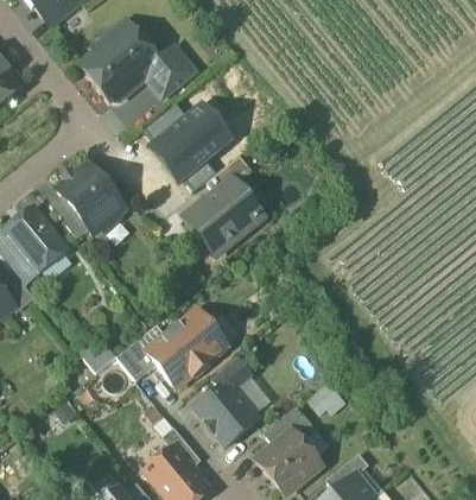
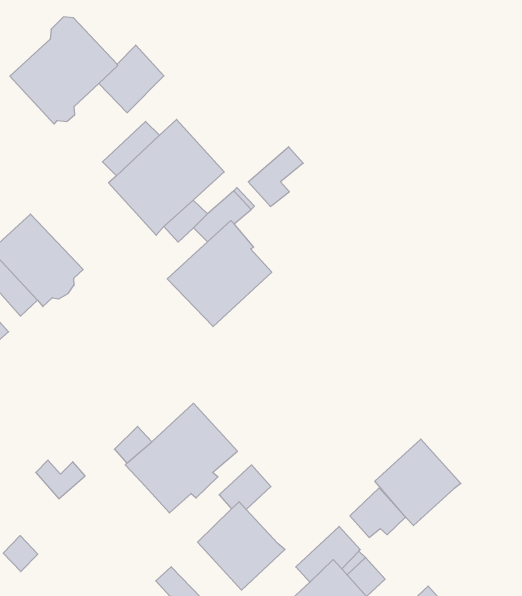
building: none -> [248,147,303,207]
building: [116,338,156,380] -> none
building: none -> [375,439,461,526]
building: [230,373,271,414] -> none

